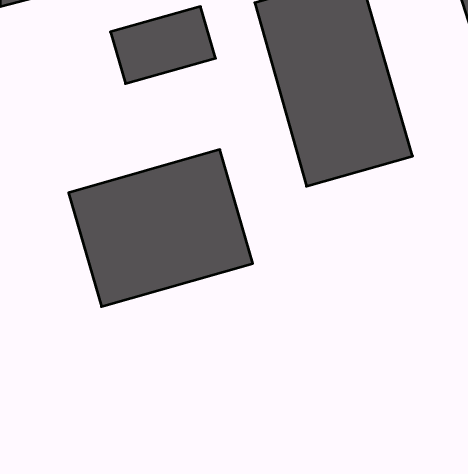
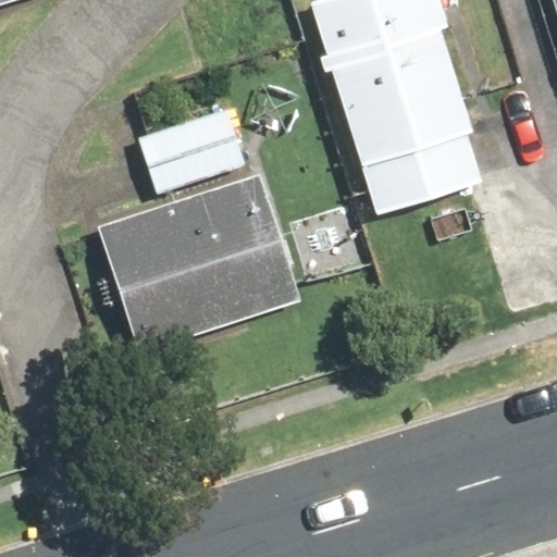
building: [110,7,216,84] -> [136,101,258,190]

